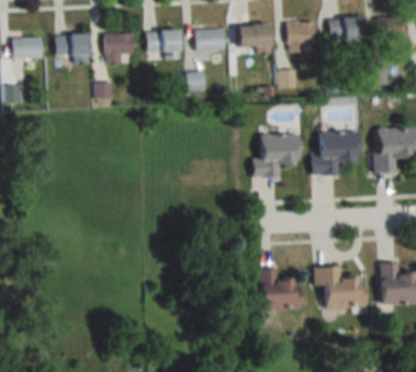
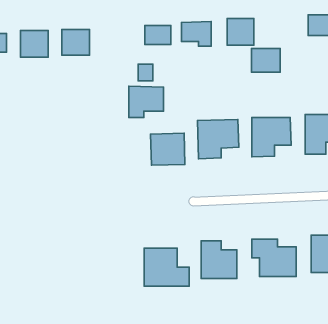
building: [330,18,362,44] -> [252,48,280,72]
building: [148,32,179,59] -> none
building: none -> [129,86,164,117]
building: none -> [151,133,185,165]
building: none -> [144,248,189,286]

